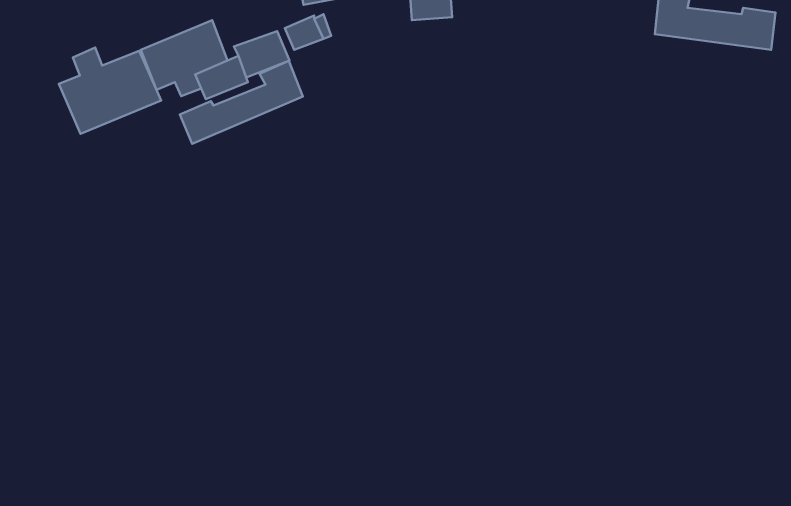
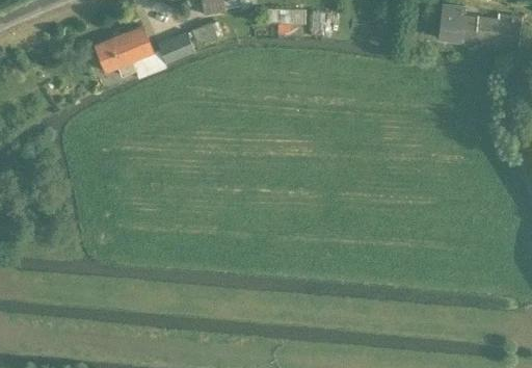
building: [59,47,161,134] -> none
building: [180,61,303,144] -> none

